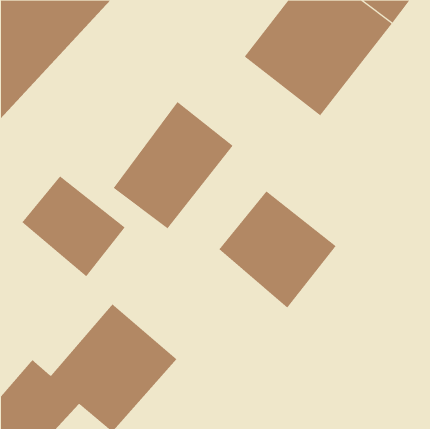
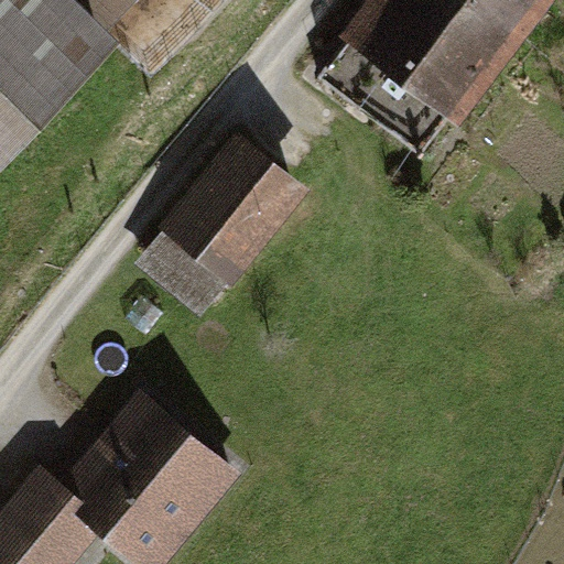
building: [21,175,125,277] -> none
building: [219,191,337,308] -> none

